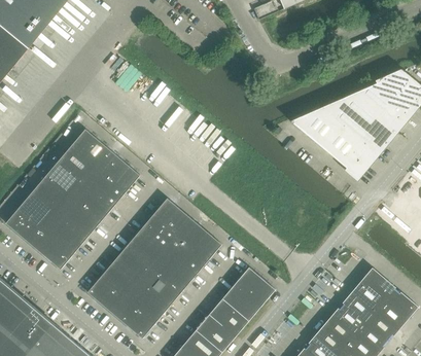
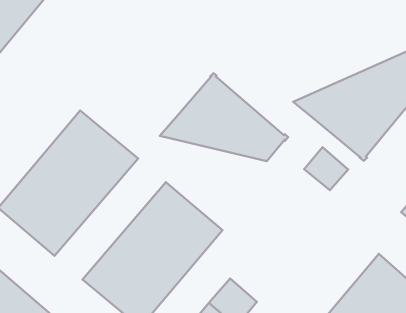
building: none -> [160,73,288,161]
building: none -> [304,147,348,190]
building: [229,268,275,314] -> none

